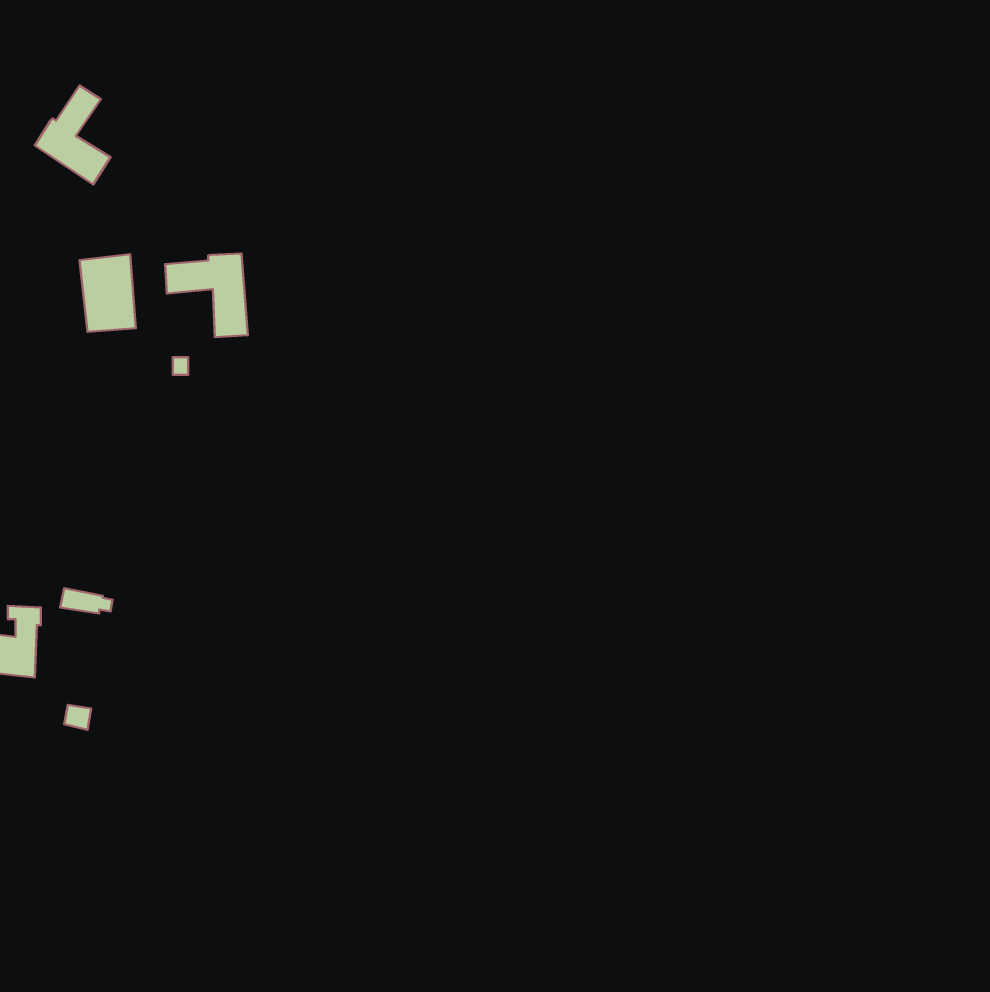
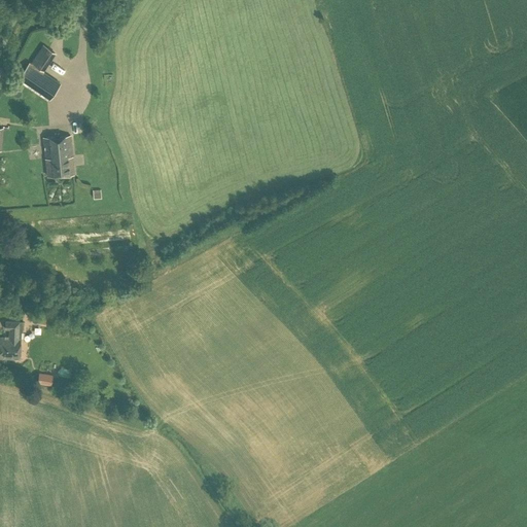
building: [165,254,248,337] -> none

